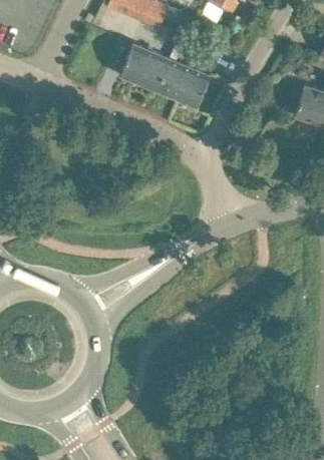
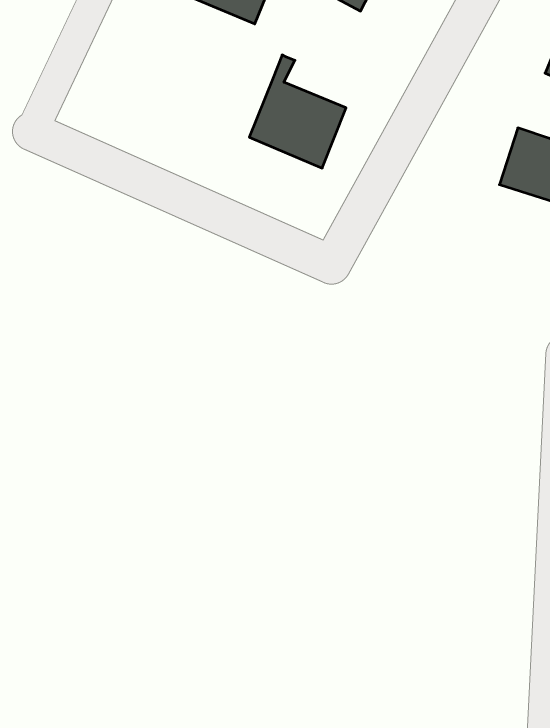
building: [119,44,170,91] -> none

